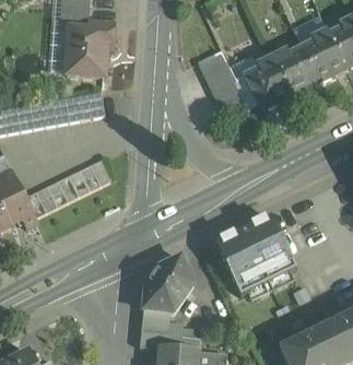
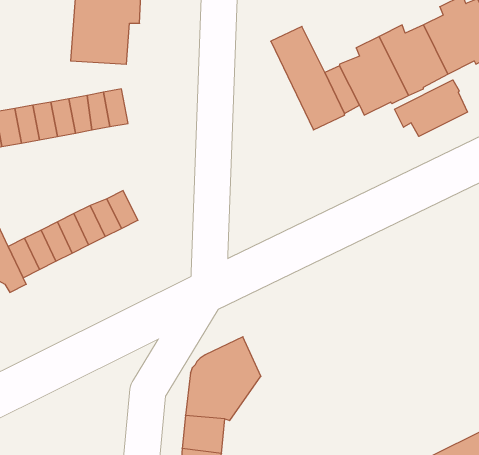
building: none -> [395,80,467,136]
building: [214,213,296,293] -> none

